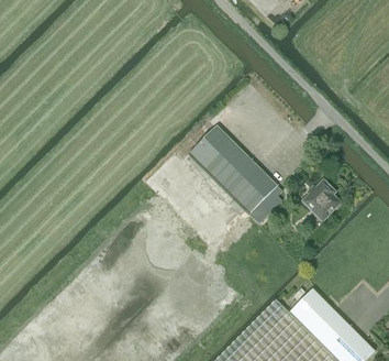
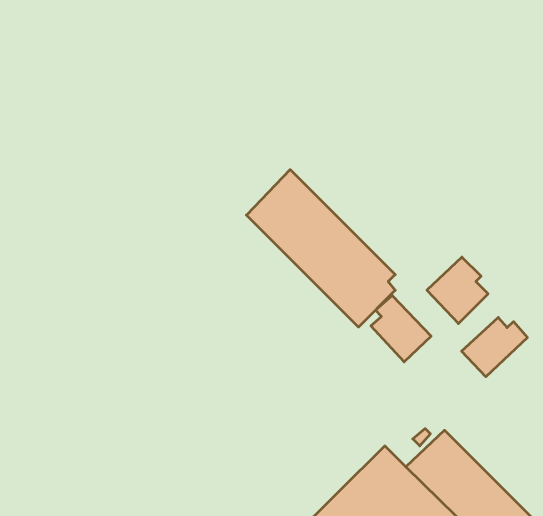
building: none -> [371,295,431,362]
building: none -> [462,317,527,377]

